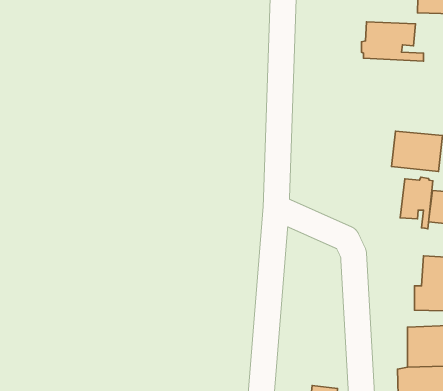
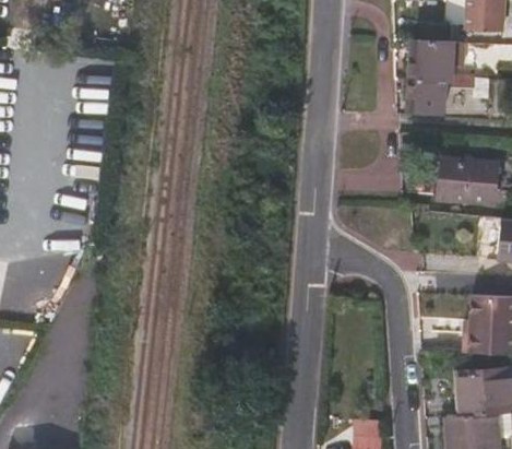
building: none -> [406,78,489,111]
building: [400,177,433,229] -> none

